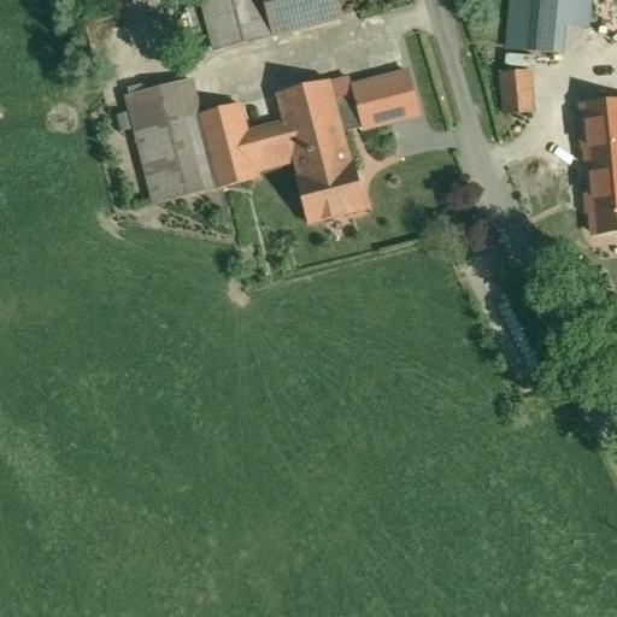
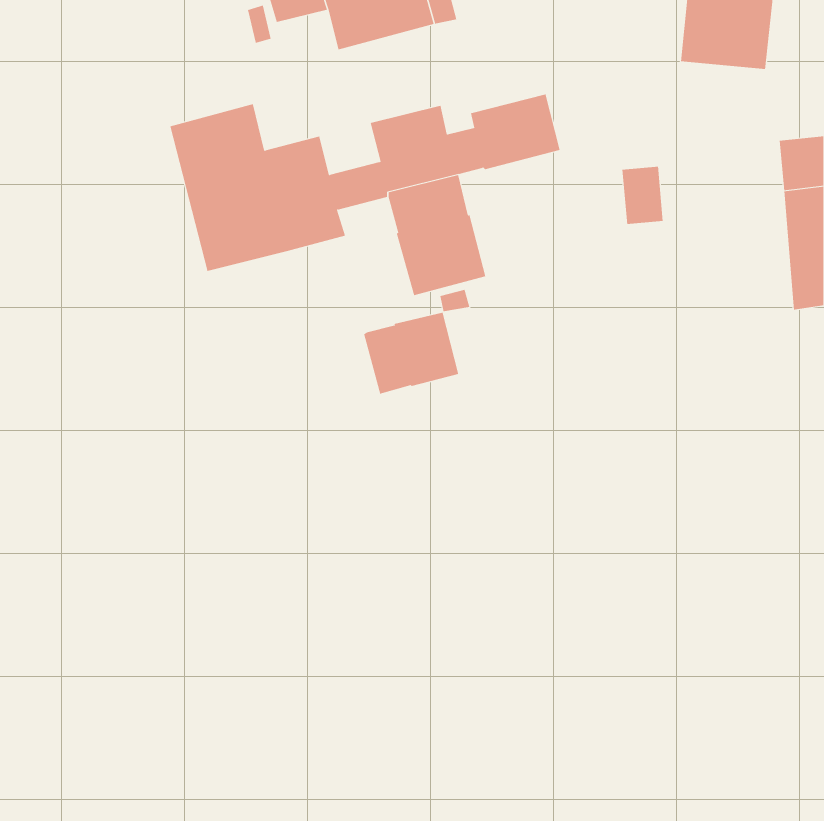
building: [206,7,252,47] -> none
building: [500,69,531,112] -> [622,166,664,224]
building: none -> [363,312,459,395]

